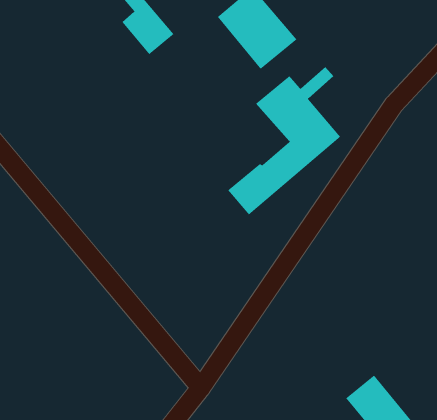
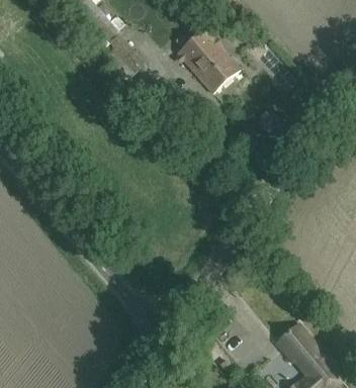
building: [227,66,341,216] -> none

